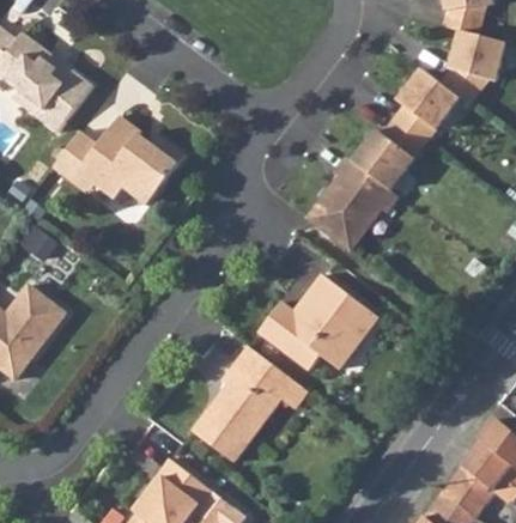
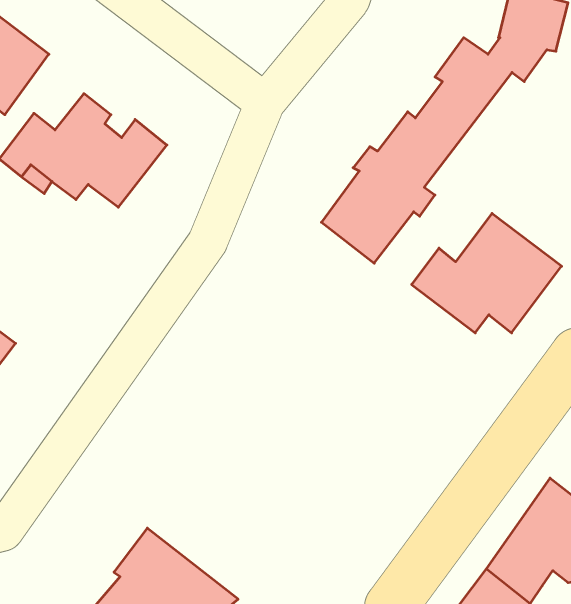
building: [260,275,378,370] -> [412,213,562,333]
building: [192,346,303,463] -> none

